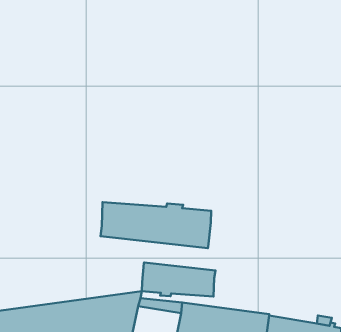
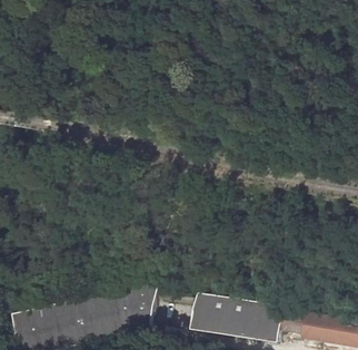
building: [100,202,211,248] -> none
building: [142,262,215,296] -> none

